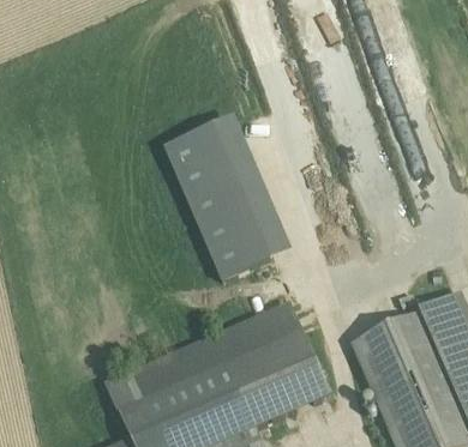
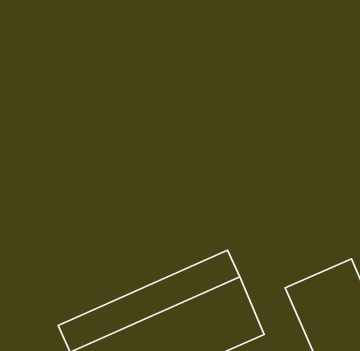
building: [167,113,289,277] -> none

